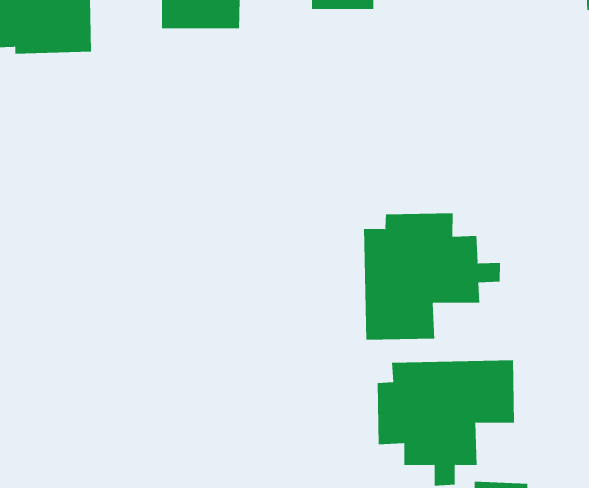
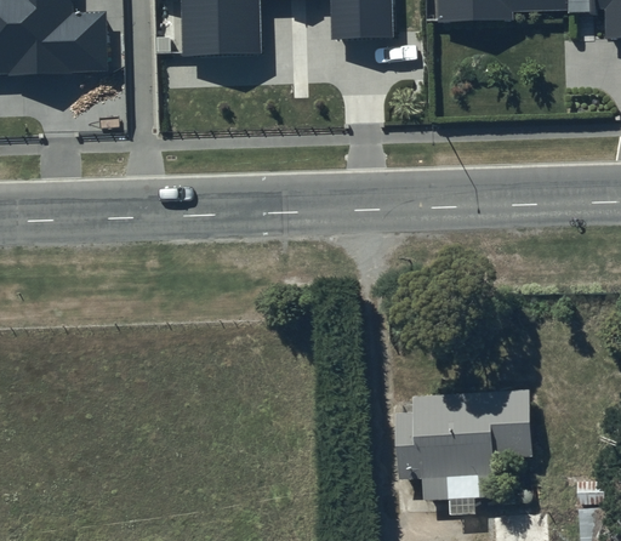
building: [364,213,501,341] -> none

